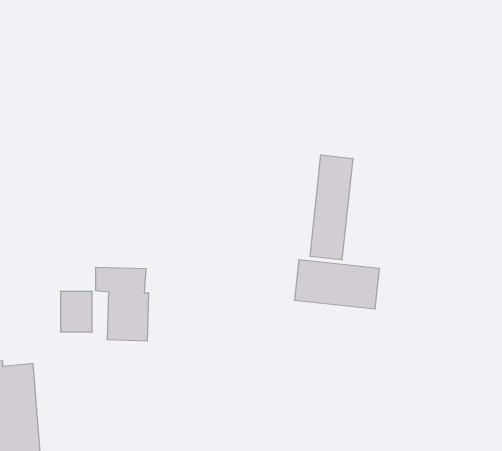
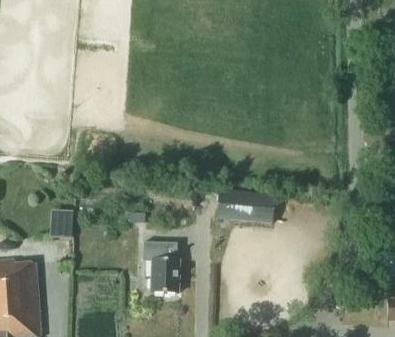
building: [310,155,353,260] -> none
building: [96,267,149,341] -> [142,242,179,293]

